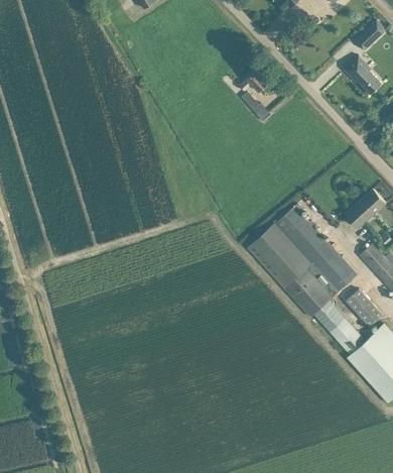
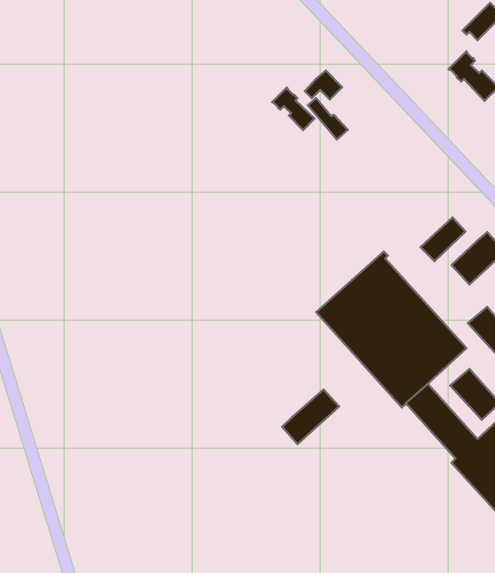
building: none -> [272,87,315,130]
building: none -> [421,218,465,261]
building: none -> [282,389,339,444]

